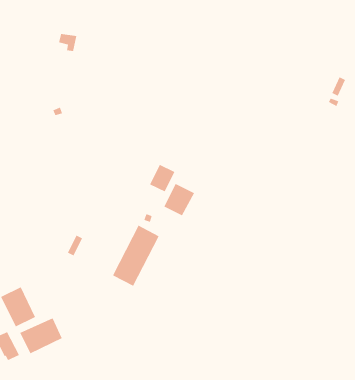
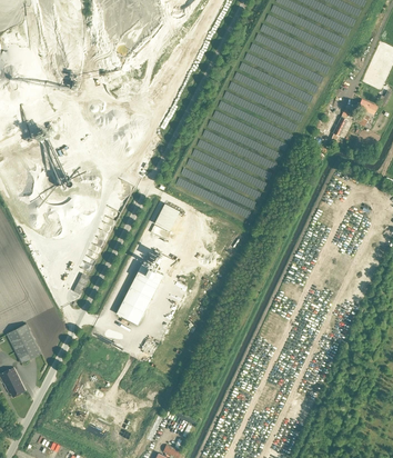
building: [164,183,195,216] -> none
building: [19,318,62,354] -> none

